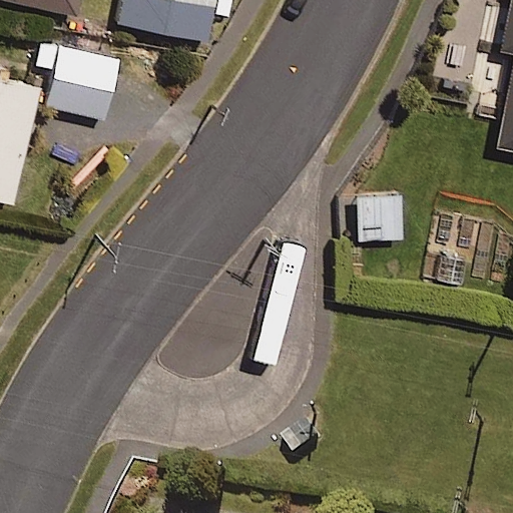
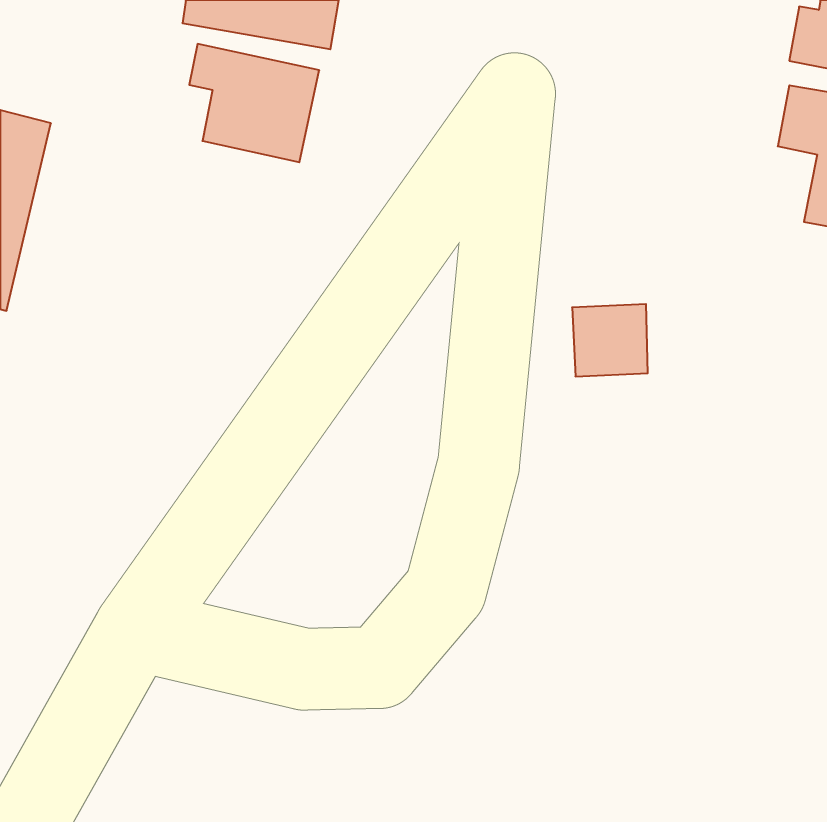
building: [38,45,117,117] -> [189,44,319,162]

